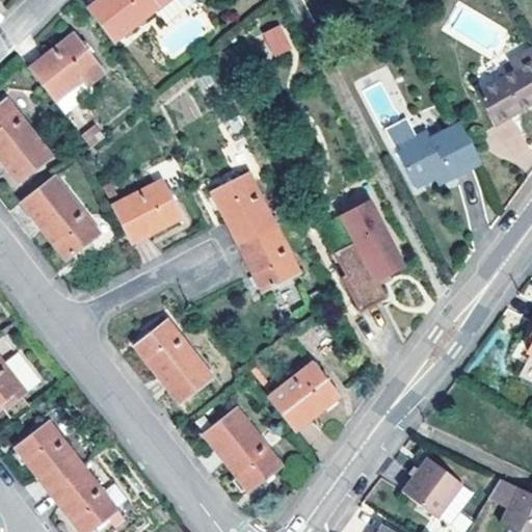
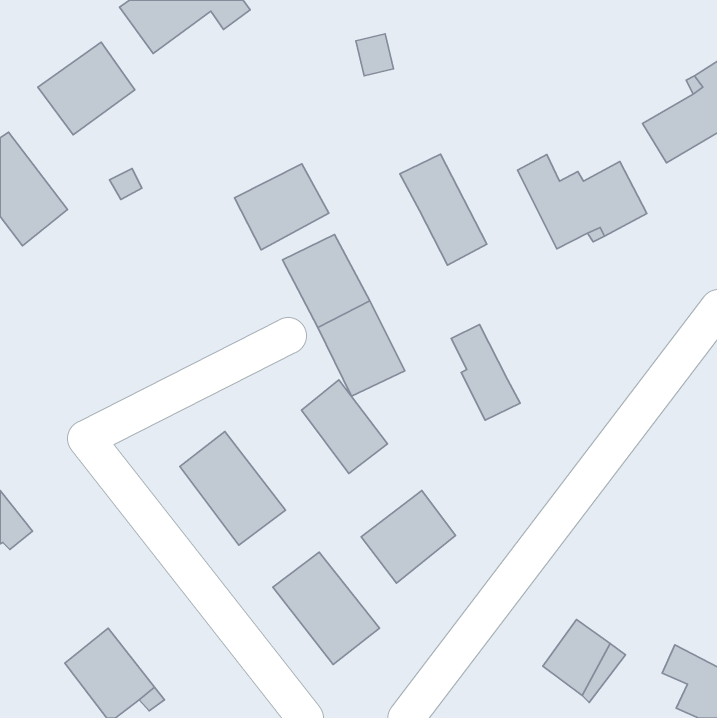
building: [21,175,99,259] -> none
building: [110,180,180,243] -> [235,164,329,250]
building: [341,198,405,281] -> [400,154,487,265]
building: none -> [302,380,388,473]
building: [15,421,81,490] -> none

